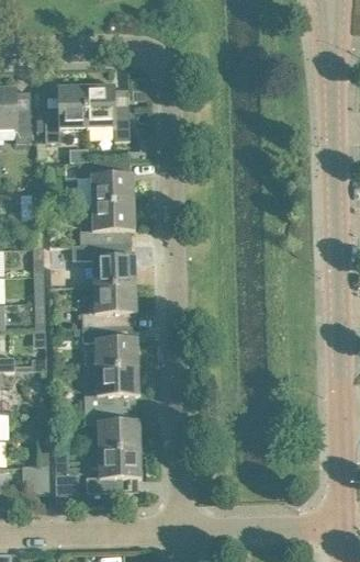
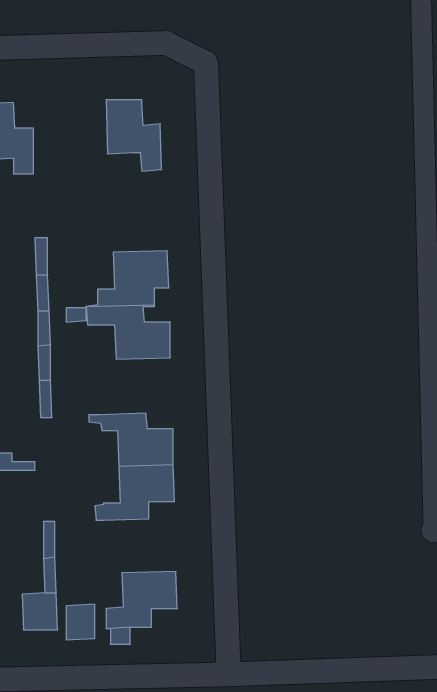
building: [44,83,87,140] -> none
building: [77,149,133,201] -> none
building: [81,282,136,326] -> none
building: [80,406,139,448] -> none

